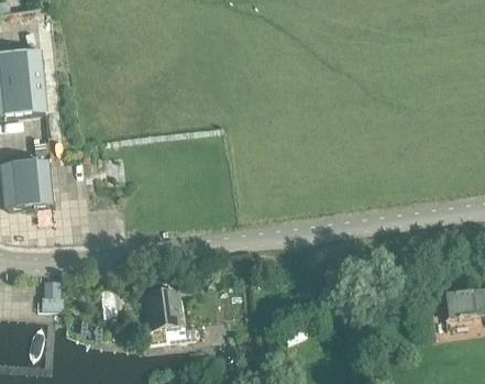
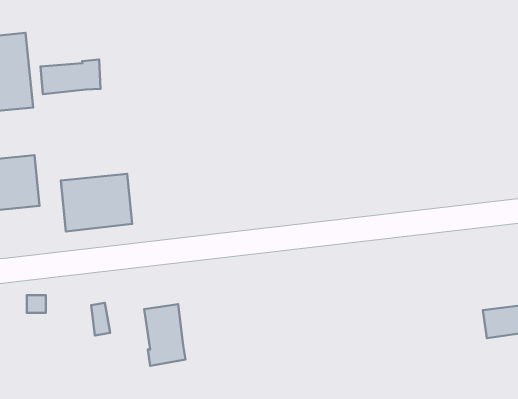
building: none -> [41,60,100,94]
building: none -> [61,174,132,231]

